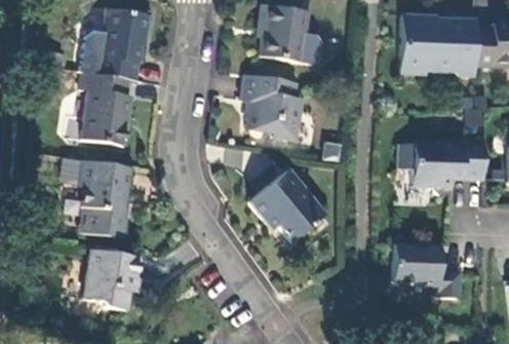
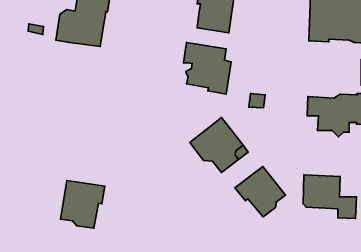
building: [81,73,139,147] -> none
building: [63,157,131,239] -> none
building: none -> [235,167,286,217]

